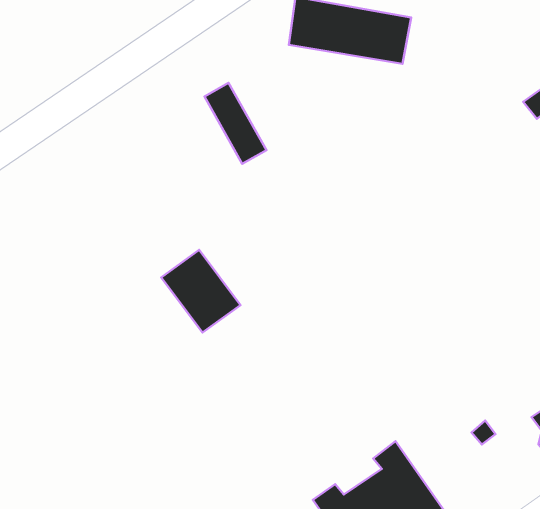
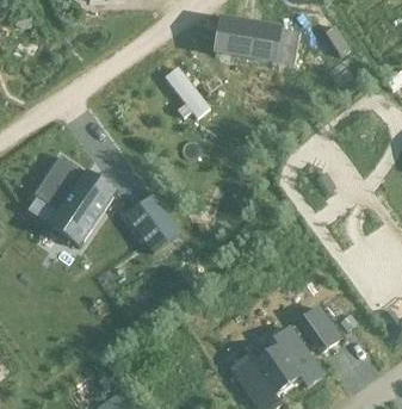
building: none -> [33,154,116,242]
building: none -> [299,305,340,351]

